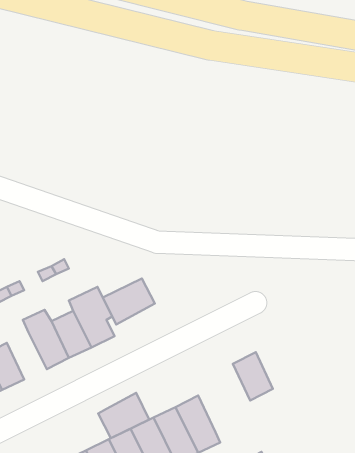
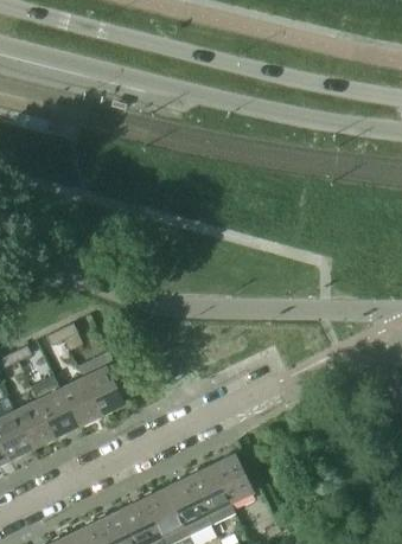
building: [103,279,155,324] -> none
building: none -> [13,401,55,449]
building: [233,352,273,400] -> [211,454,253,504]
building: [98,393,149,438] -> none

